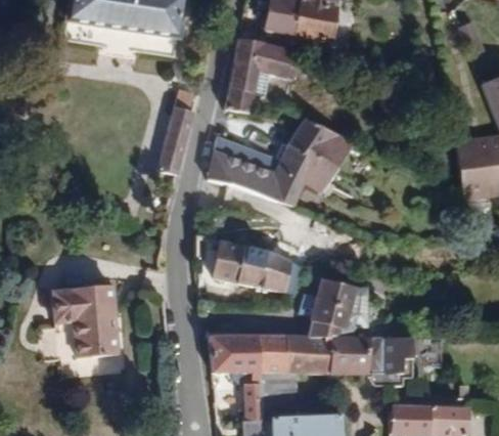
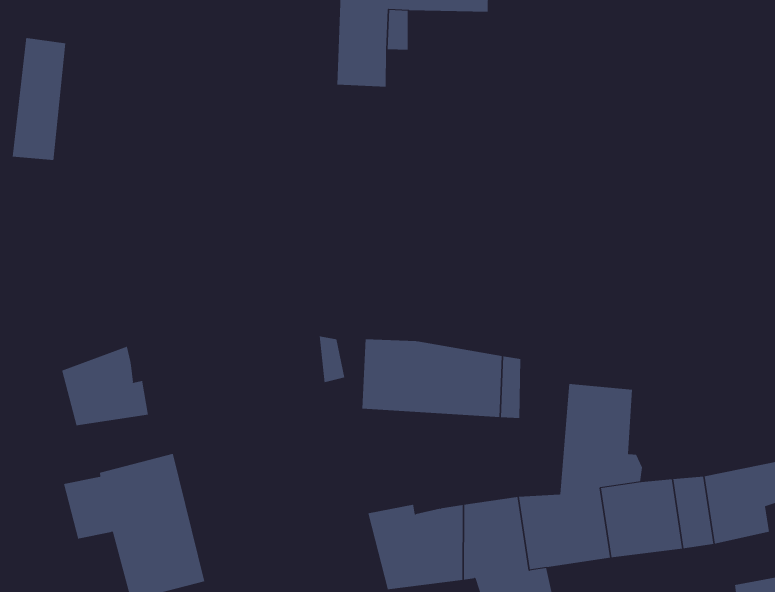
building: [157,107,194,173] -> [12,38,66,160]
building: [209,118,352,206] -> none
building: none -> [62,346,148,426]

